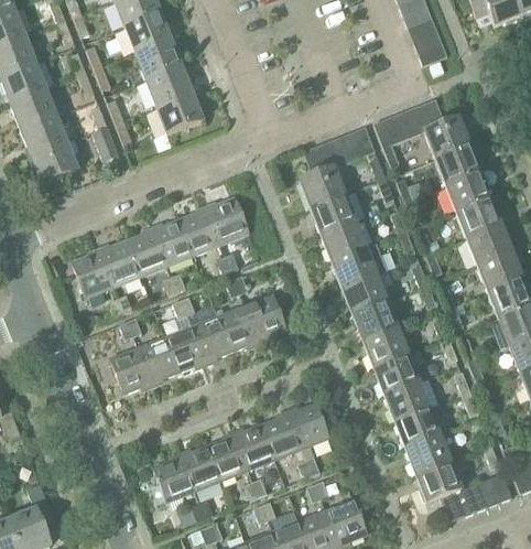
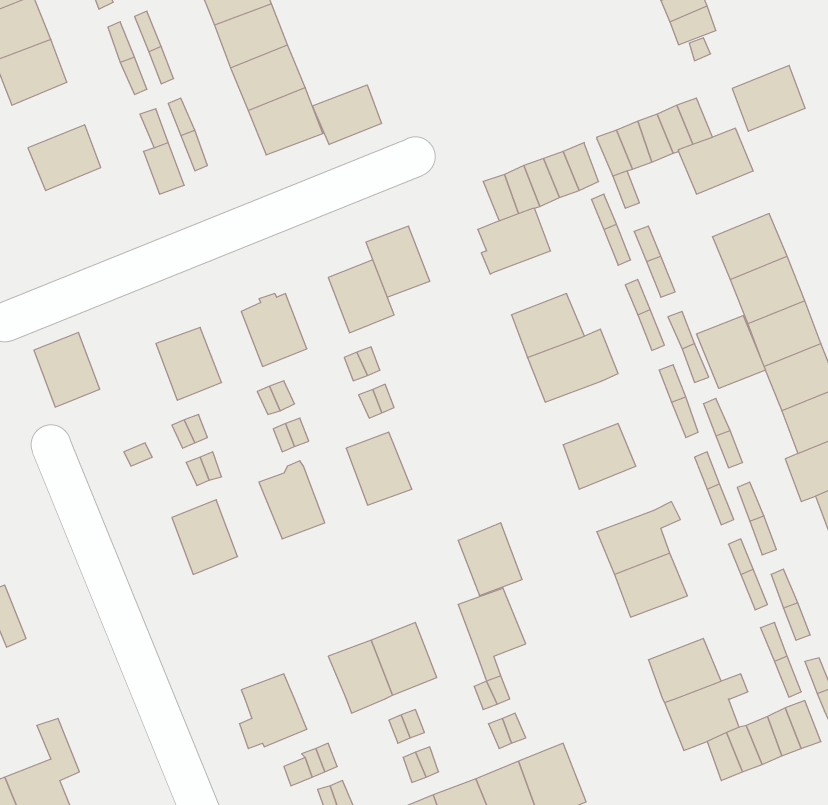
building: [11,88,56,129] -> none
building: none -> [312,85,382,145]
building: [32,139,78,183] -> none
building: [435,143,480,184] -> [732,65,805,131]
building: [310,193,355,233] -> none
building: [181,209,220,254] -> [366,226,430,297]
building: [128,230,166,274] -> none
building: none -> [697,316,765,388]
building: [73,250,113,297] -> [34,332,100,407]
building: [342,273,387,313] -> none
building: [245,294,285,341] -> none
building: [192,315,231,362] -> none
building: [362,326,409,367] -> none
building: [138,336,178,383] -> none
building: [394,402,446,446] -> none
building: [261,412,301,458] -> [458,523,522,596]
building: [180,444,221,489] -> none

